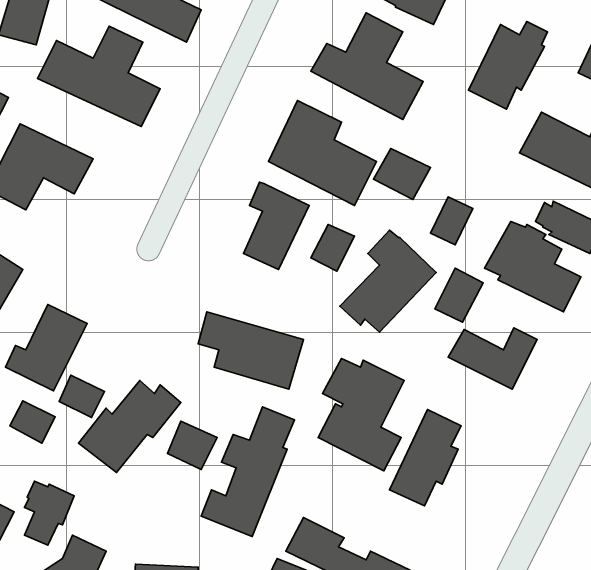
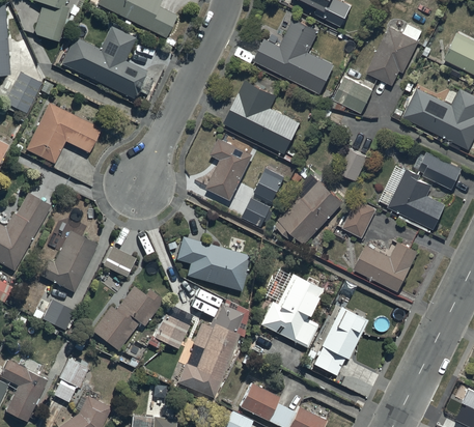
building: [373,148,430,200] -> [334,80,374,116]
building: none -> [243,200,272,229]
building: [59,375,104,418] -> [103,244,135,274]

